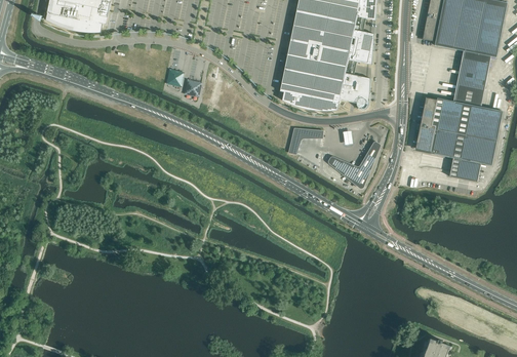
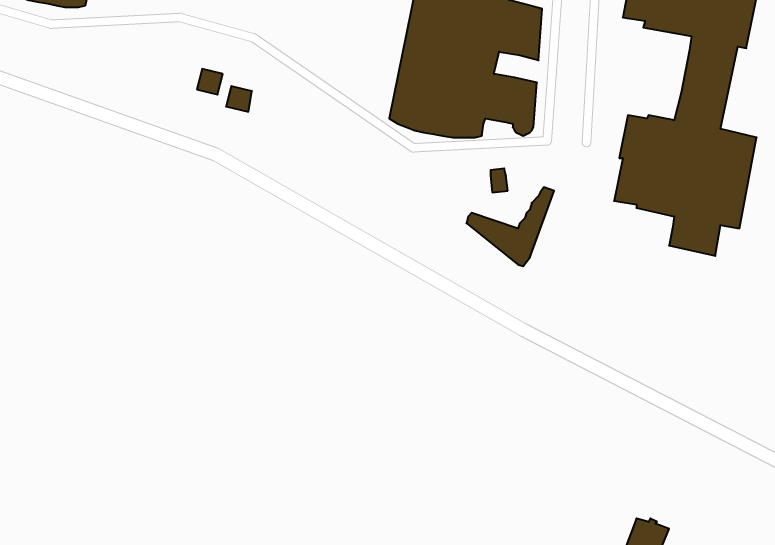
building: [290,127,323,153] -> none

